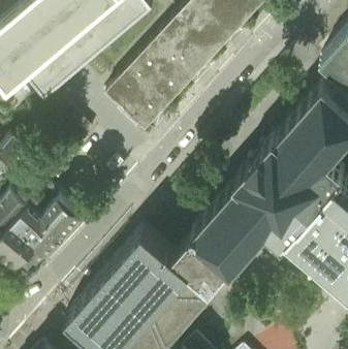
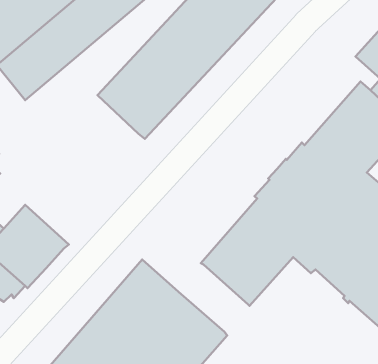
building: [171,240,229,295] -> none

